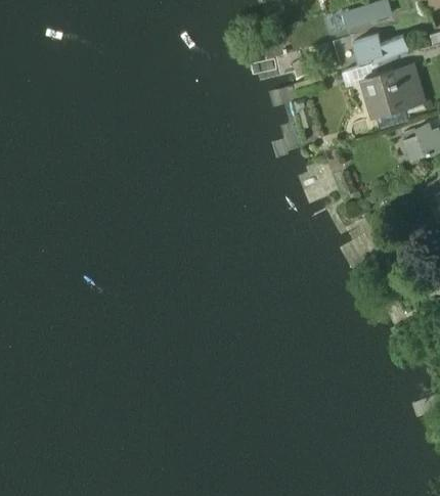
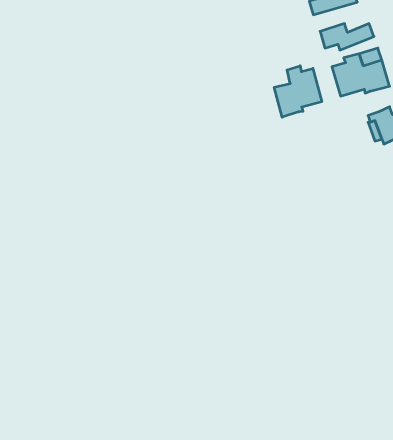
building: none -> [274,66,322,117]
building: [372,104,407,128] -> none

